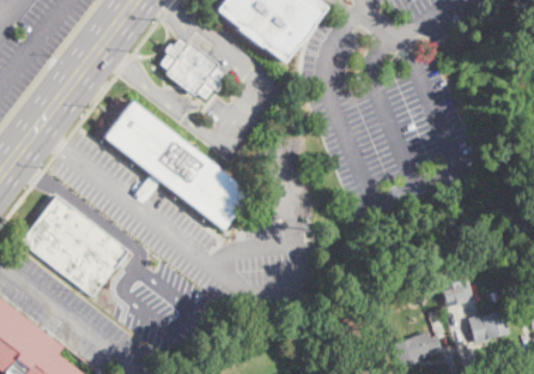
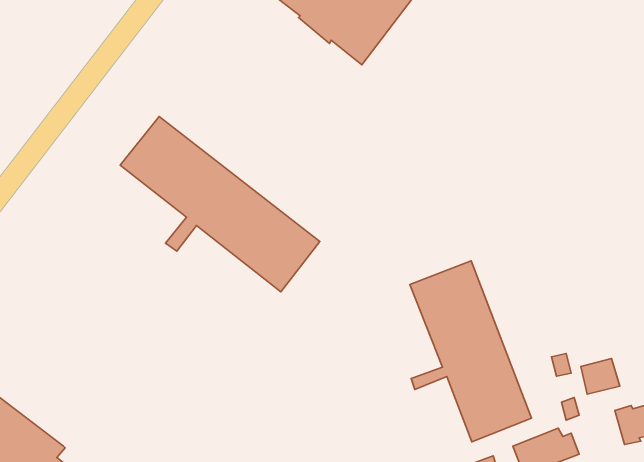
building: [160,40,224,97] -> none
building: [22,195,127,296] -> none
building: none -> [410,261,531,442]

